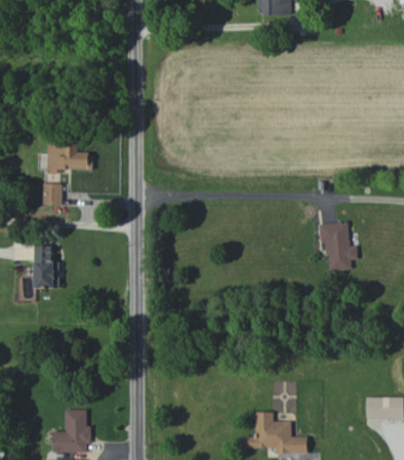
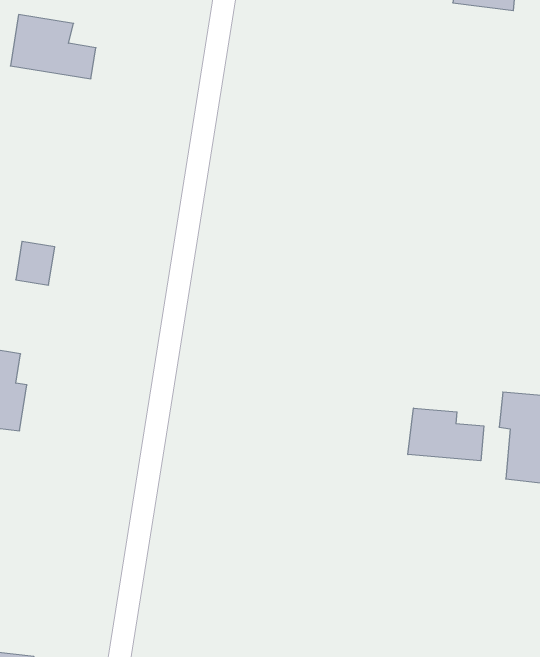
building: [47,141,92,170] -> [10,15,96,79]
building: none -> [408,408,484,461]

